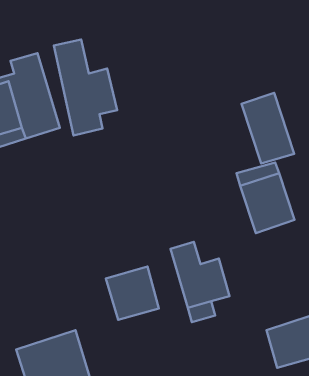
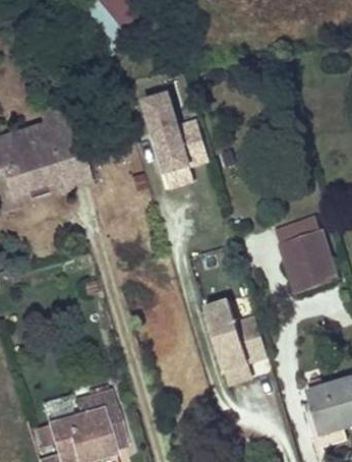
building: [54,40,117,135] -> [141,84,208,185]
building: [242,93,294,164] -> none
building: [106,267,159,320] -> none

